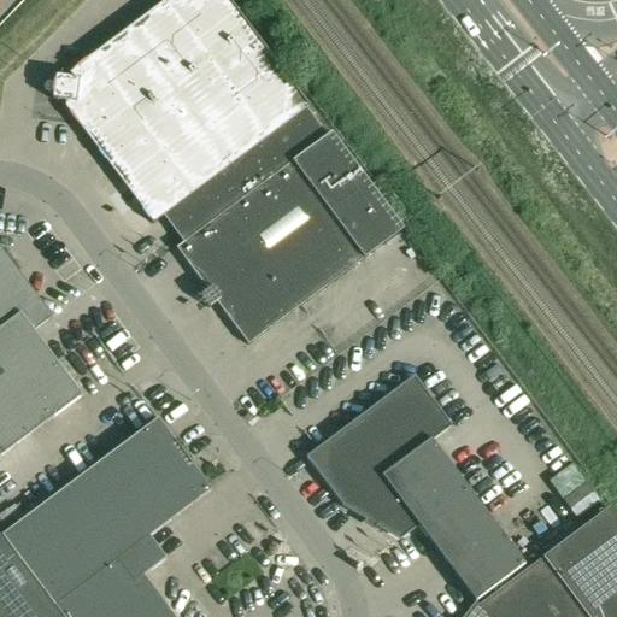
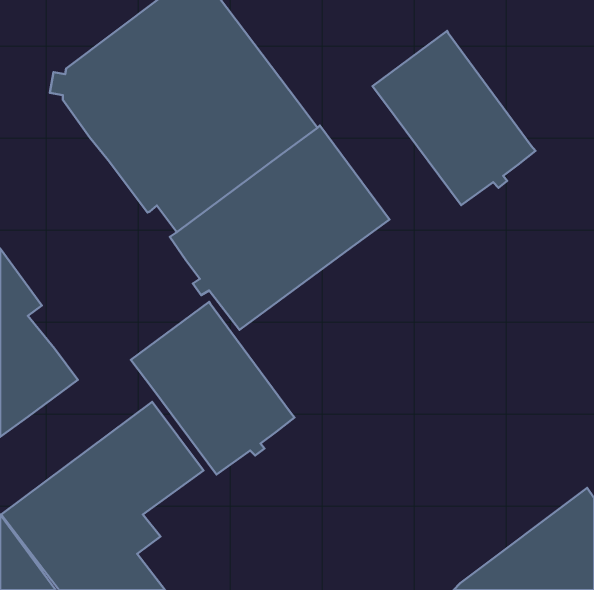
building: none -> [372,31,536,205]
building: none -> [131,302,295,475]
building: [306,375,525,600] -> none

